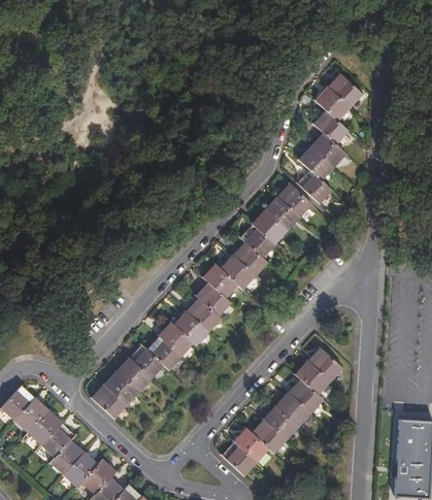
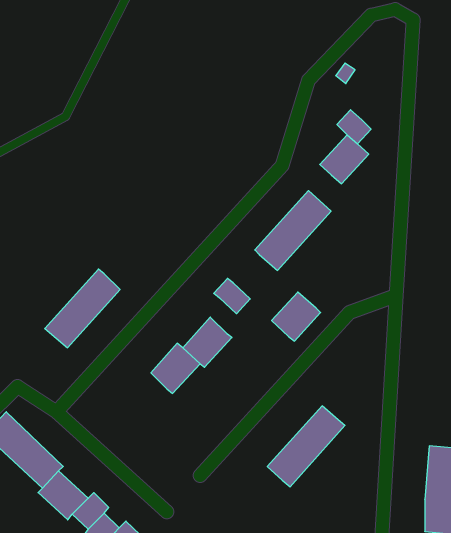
building: [318,75,363,121] -> none
building: [300,170,331,201] -> none
building: [223,242,267,287] -> [272,292,321,341]
building: [197,281,231,314] -> none
building: [95,345,163,416] -> [45,269,120,348]
building: [299,348,341,392] -> none
building: [224,429,267,472] -> none

